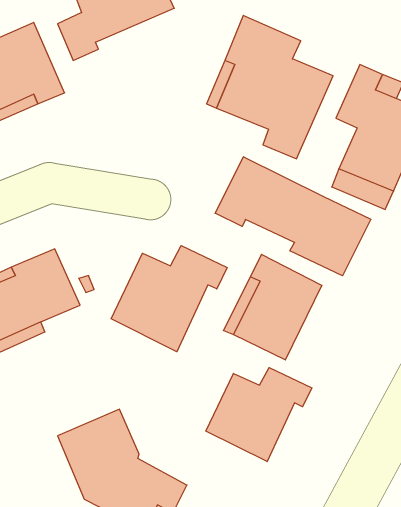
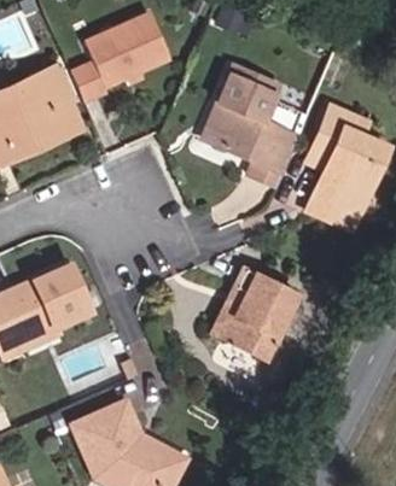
building: [215,157,371,276] -> none
building: [111,246,227,352] -> none
building: [206,368,312,462] -> none

